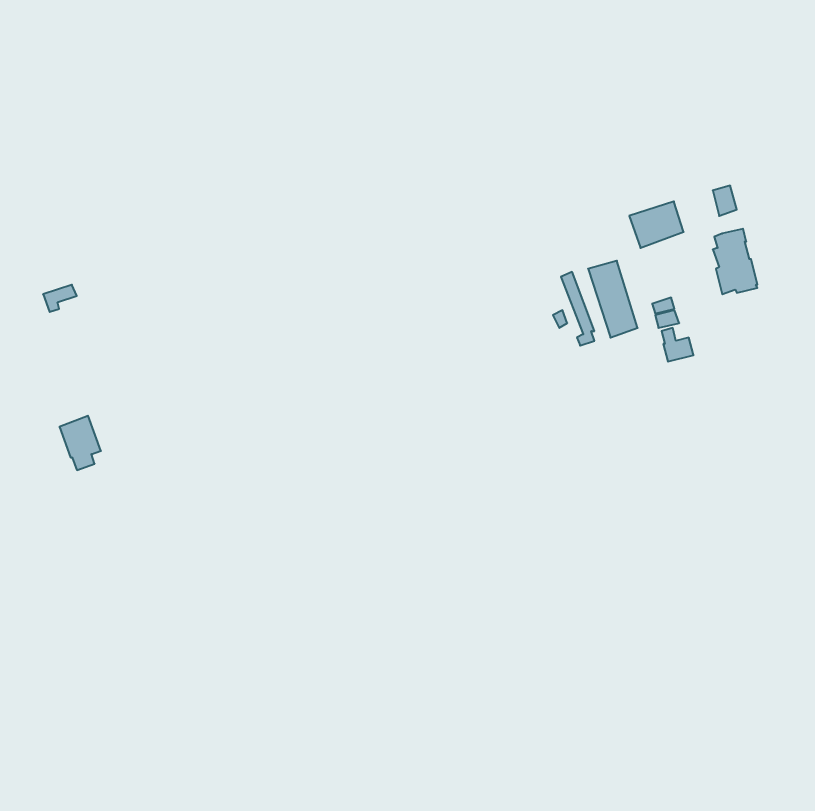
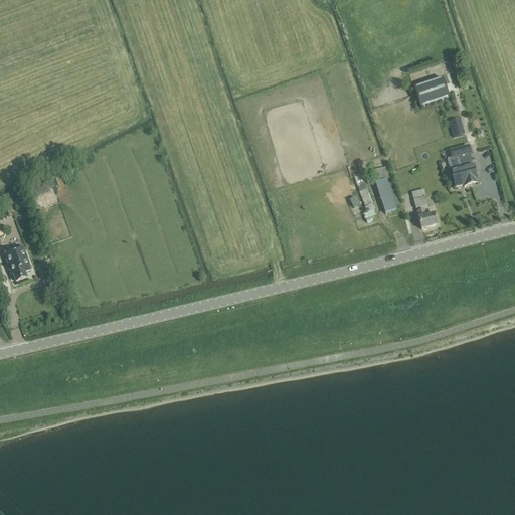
building: [629,201,684,248] -> [413,77,448,107]
building: [59,416,101,470] -> [4,245,30,280]

